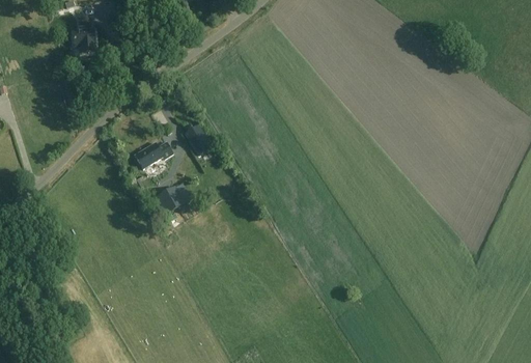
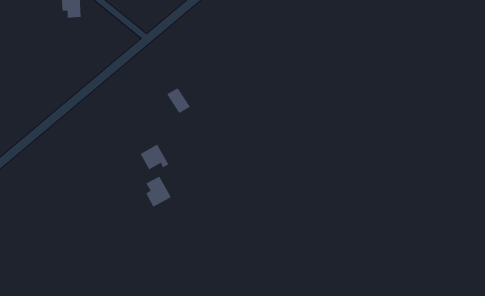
building: [135,142,173,168] -> none
building: none -> [145,176,171,207]

